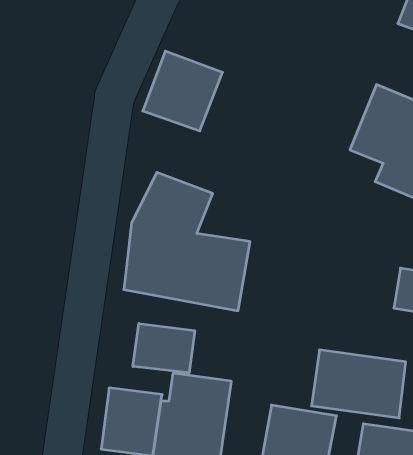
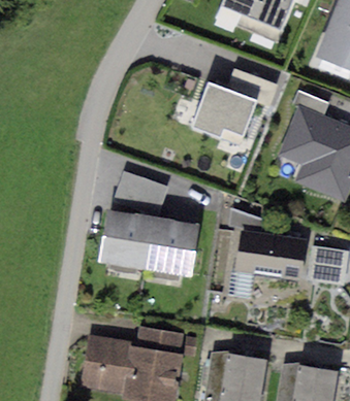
building: [143,51,223,131] -> [191,82,253,144]
building: [133,323,195,373] -> none
building: [311,350,406,418] -> [233,230,307,282]

